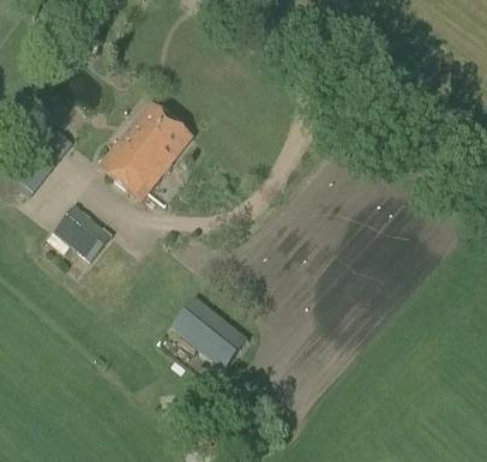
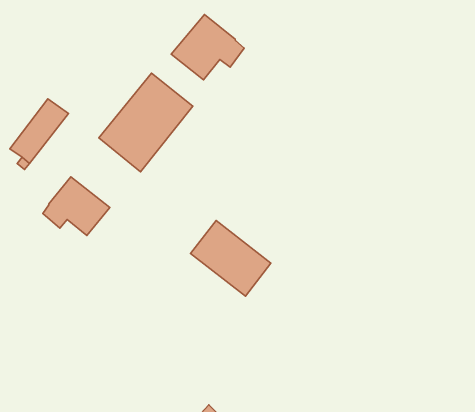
building: none -> [171,15,244,80]
building: [168,295,247,370] -> [190,220,271,296]

